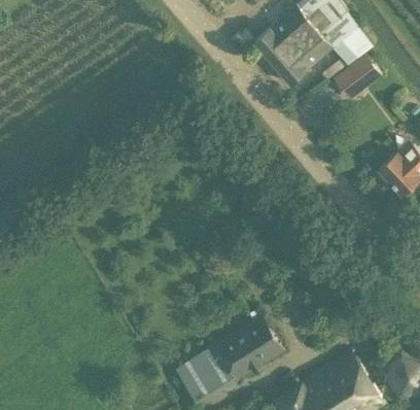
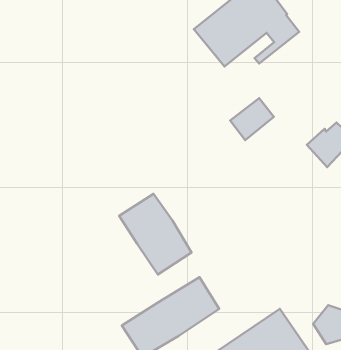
building: [332,56,381,102] -> [230,98,274,140]
building: none -> [119,194,191,274]

